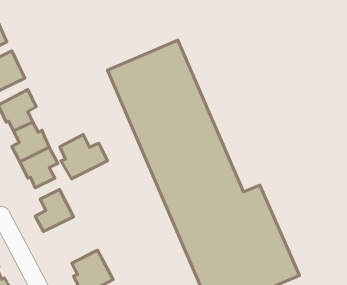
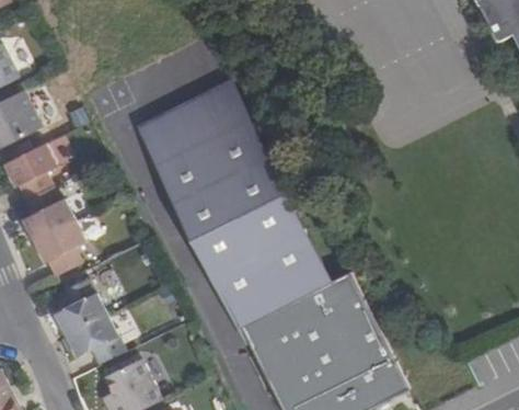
building: [60,134,107,179] -> none
building: none -> [65,315,124,364]

